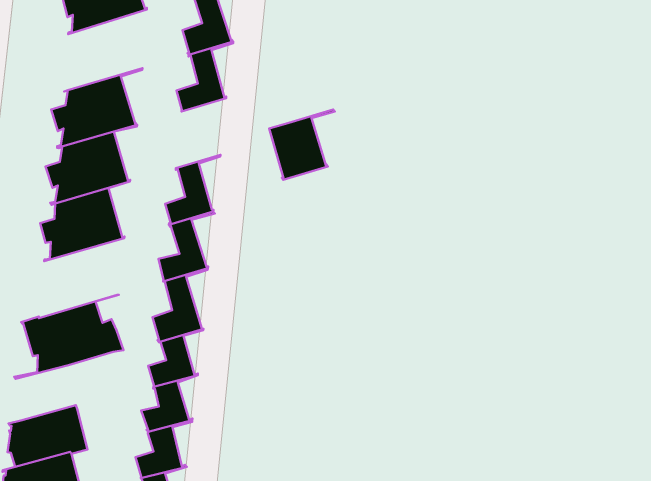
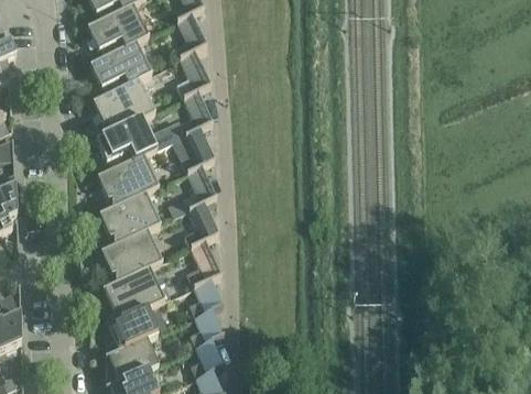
building: none -> [97,69,154,131]
building: [269,110,335,180] -> [172,119,214,169]
building: none -> [105,220,161,281]
building: none -> [104,295,165,349]

